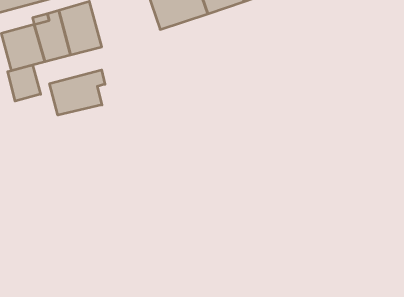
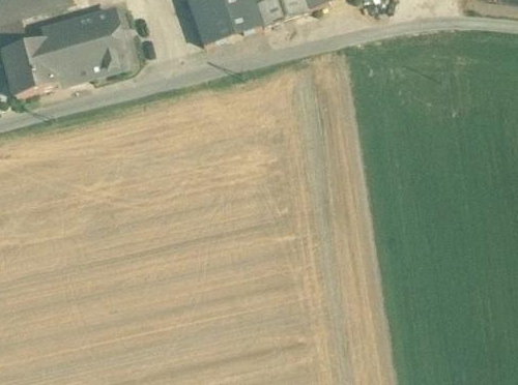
building: [8,65,41,101] -> none
building: [50,70,105,115] -> none

